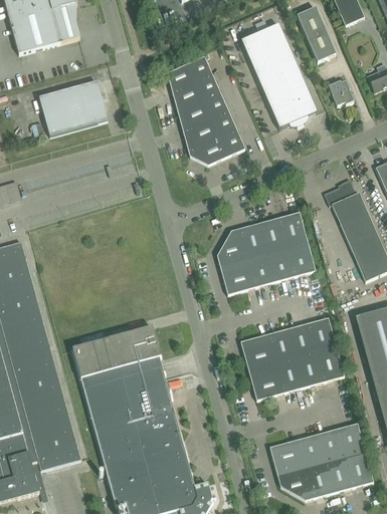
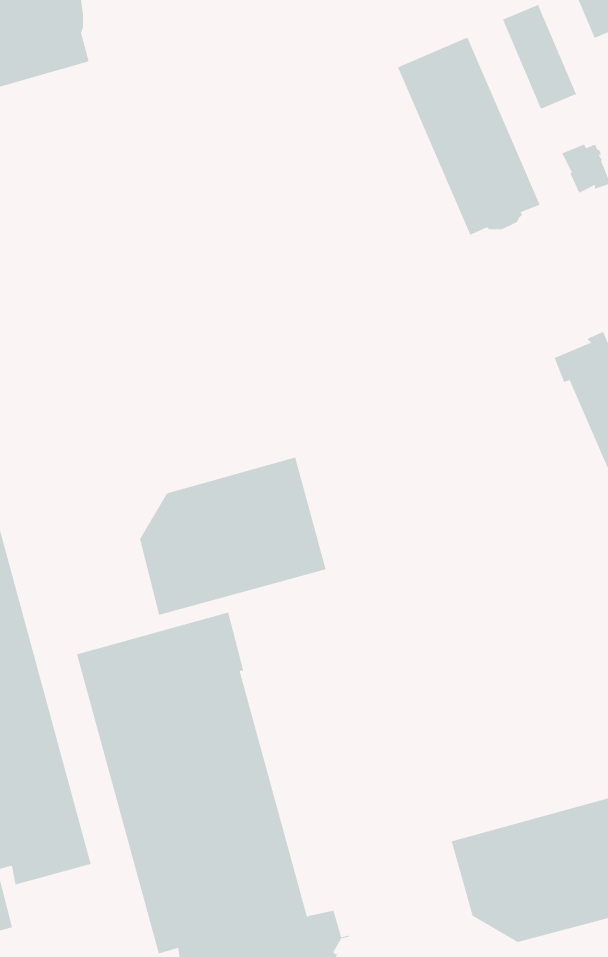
building: [167,55,245,165] -> none
building: [39,80,108,135] -> none
building: [217,211,316,294] -> [139,457,327,615]
building: [240,316,345,400] -> none

